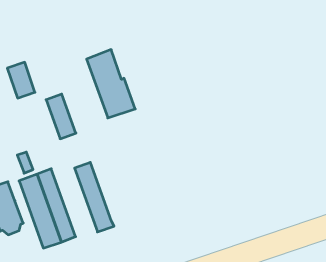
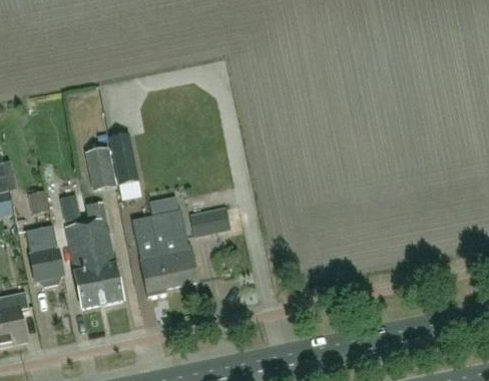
building: [87,50,135,118] -> [150,209,198,287]
building: [7,62,35,98] -> [86,148,114,188]
building: none -> [189,207,229,235]

